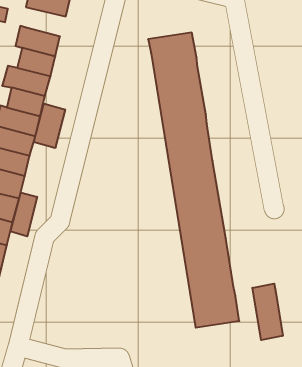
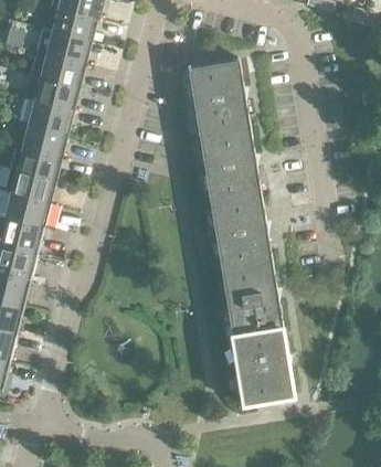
building: none -> [39,30,92,64]
building: [34,103,65,148] -> none
building: [10,192,37,236] -> none
building: [252,284,283,340] -> none

